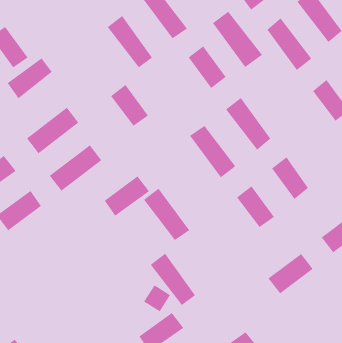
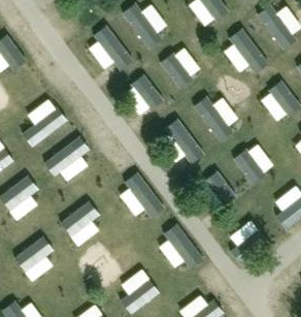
building: [212,11,263,68] -> none
building: [7,58,52,99] -> none
building: [110,84,149,126] -> [131,74,164,110]
building: [104,175,150,217] -> [61,201,100,236]
building: [150,253,196,306] -> [164,224,203,270]
building: none -> [14,236,54,272]

